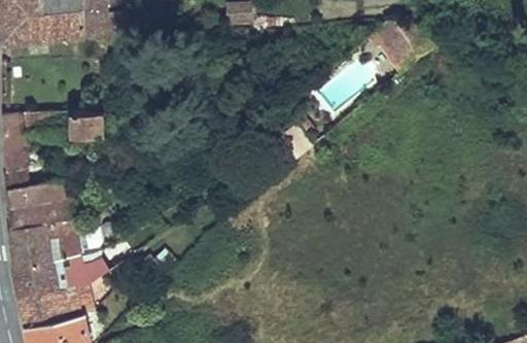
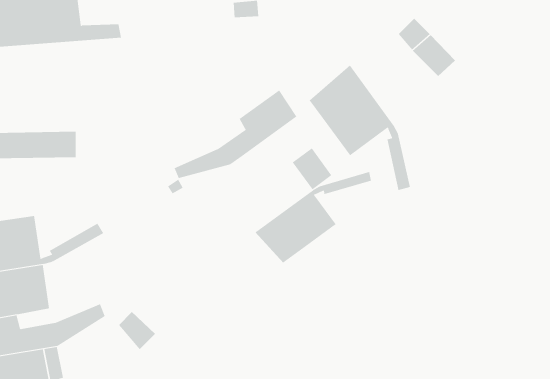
building: none -> [309,64,410,191]
building: none -> [174,90,297,179]
building: none -> [254,171,372,264]

